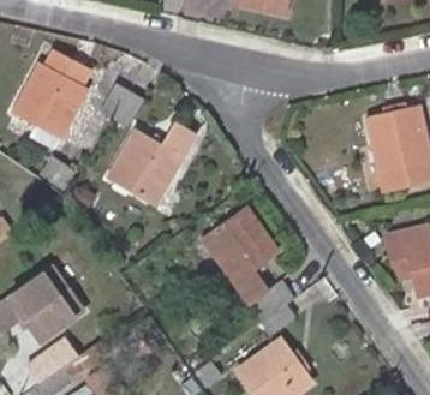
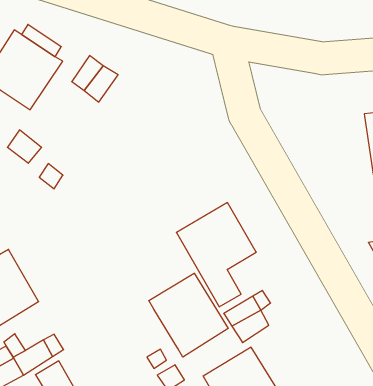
building: [107,121,192,201] -> none
building: none -> [149,273,228,357]

